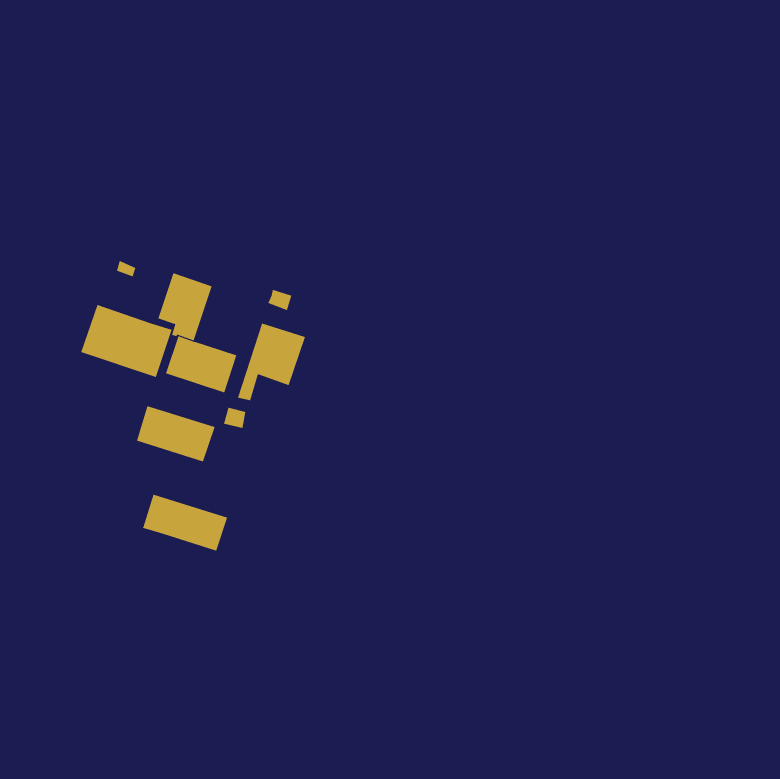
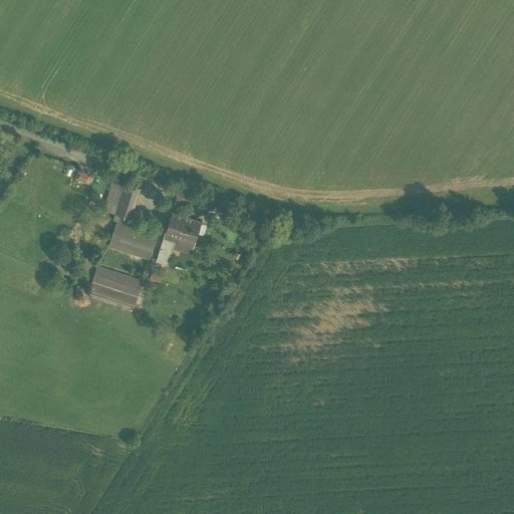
building: [81,304,173,378] -> none
building: [142,494,228,552] -> none

